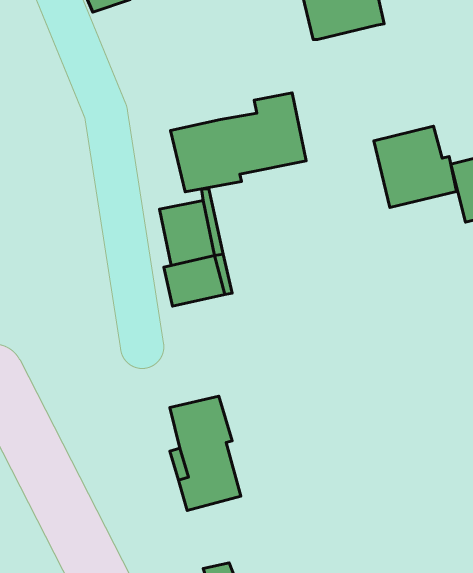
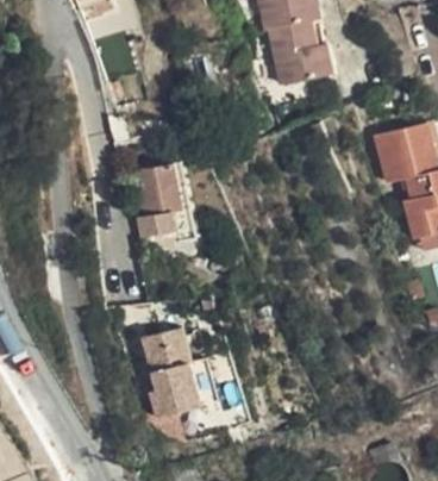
building: [171,93,306,192] -> none
building: [374,126,457,207] -> [265,23,333,89]

